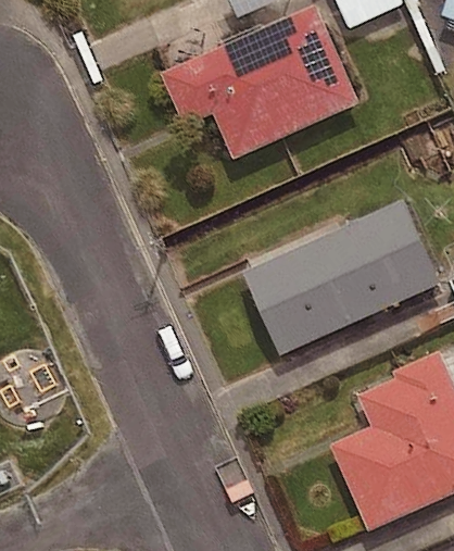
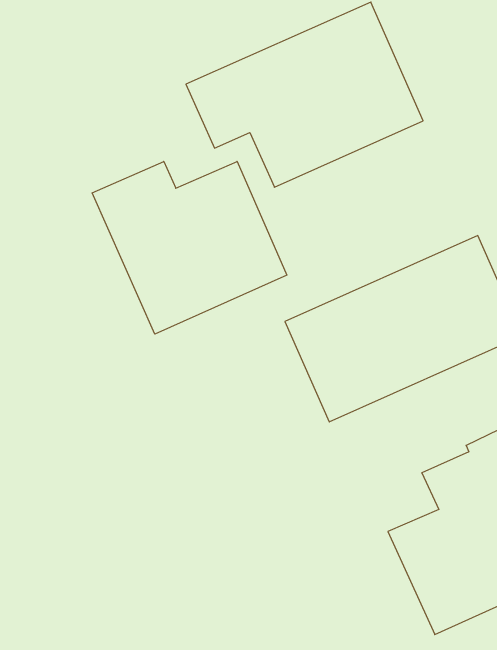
building: none -> [92,161,287,334]

